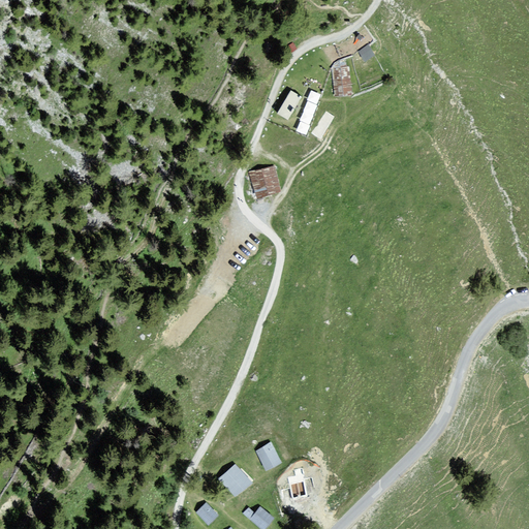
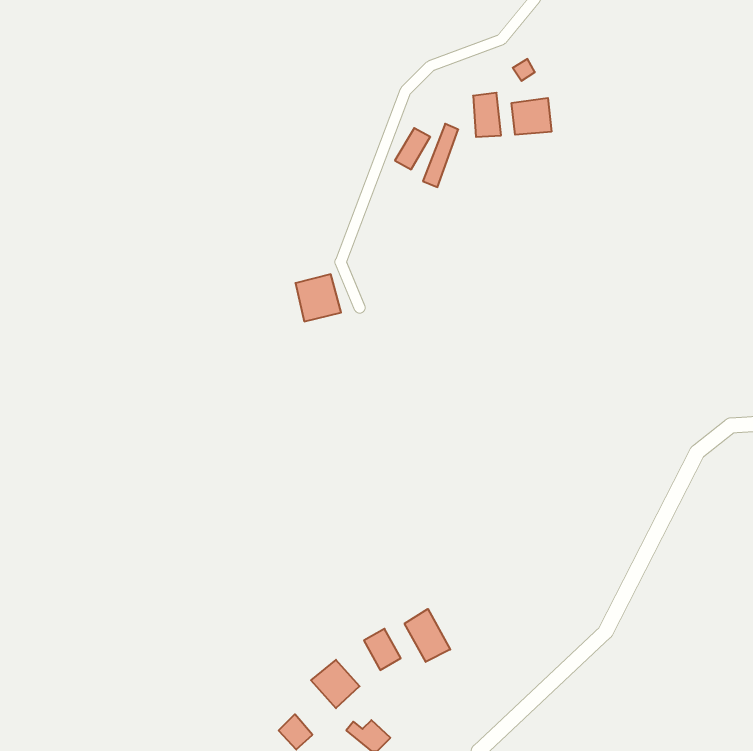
building: none -> [512,98,551,135]
building: [249,164,281,197] -> [295,274,341,321]
building: none -> [405,609,450,662]

